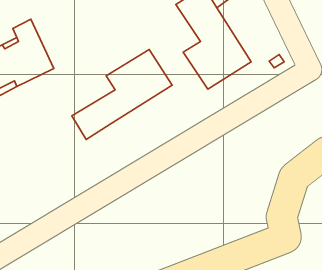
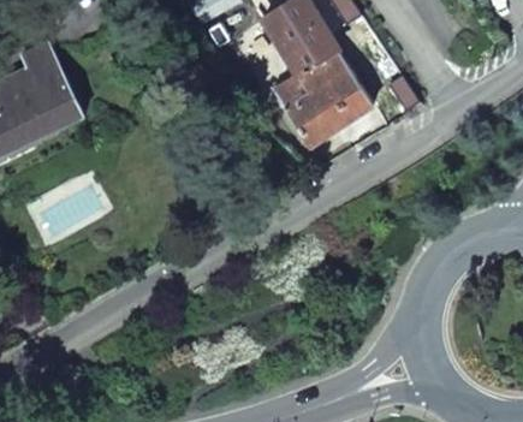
building: [72,50,172,139] -> none

